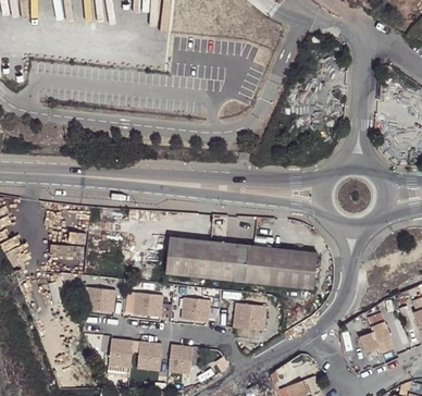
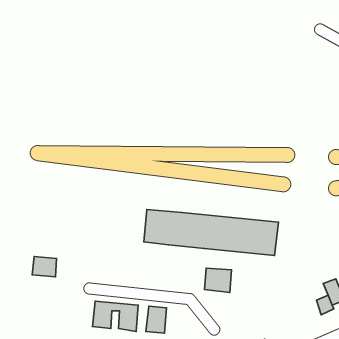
building: [87,288,114,311] -> [32,256,56,277]
building: [134,293,161,315] -> none
building: [182,297,209,320] -> none

